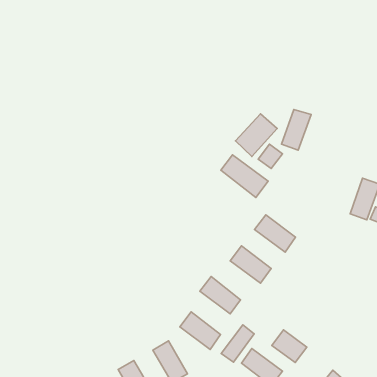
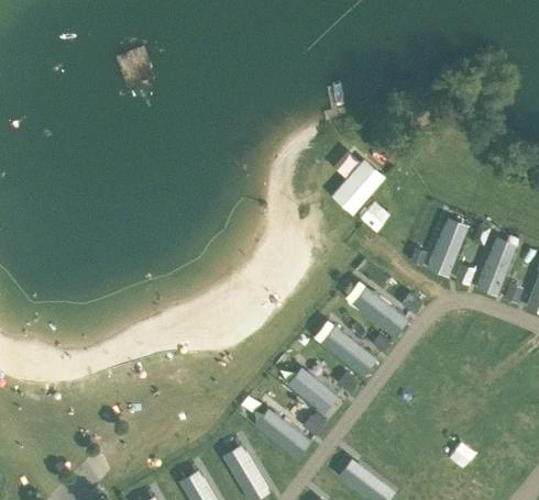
building: [282,109,311,150] -> [427,226,464,278]
building: [221,155,268,197] -> none
building: [221,325,254,362] -> none
building: [272,330,307,362] -> none

